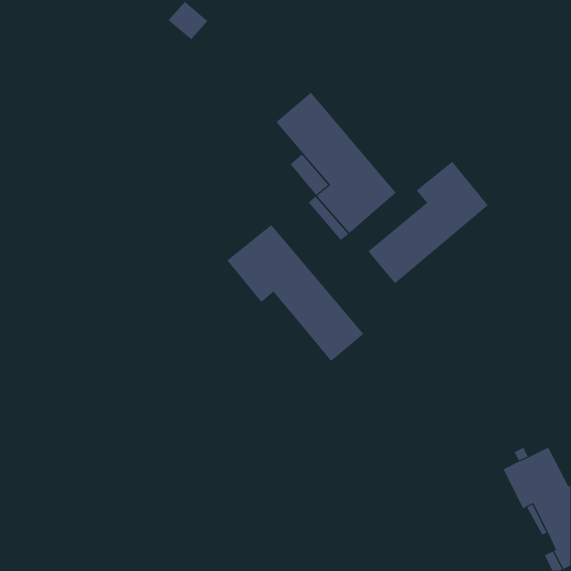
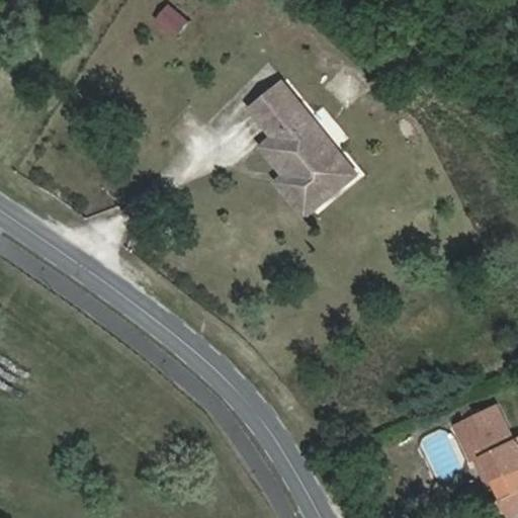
building: [367,161,489,284] -> none
building: [227,224,364,362] -> none

